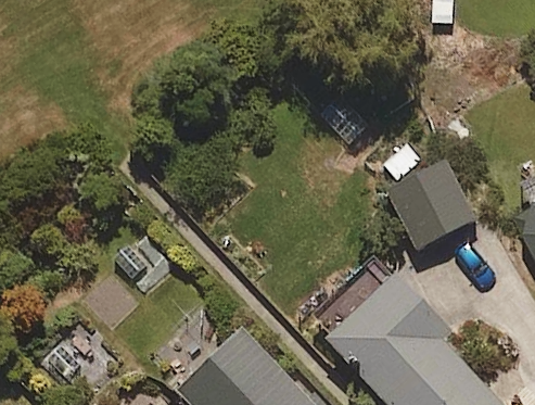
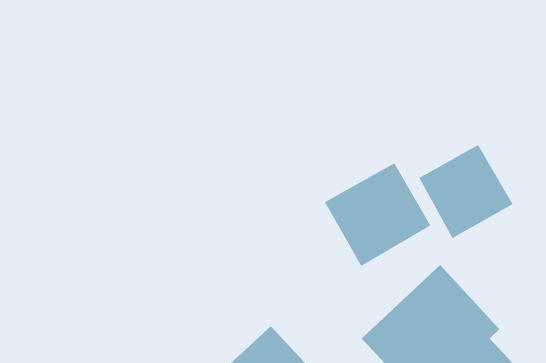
building: none -> [324,163,431,267]

